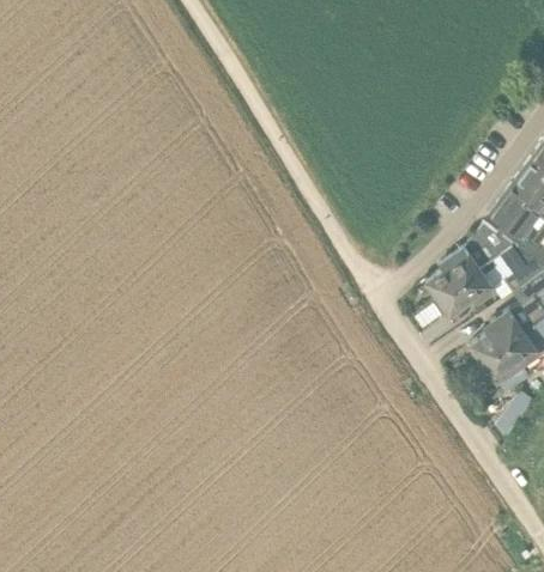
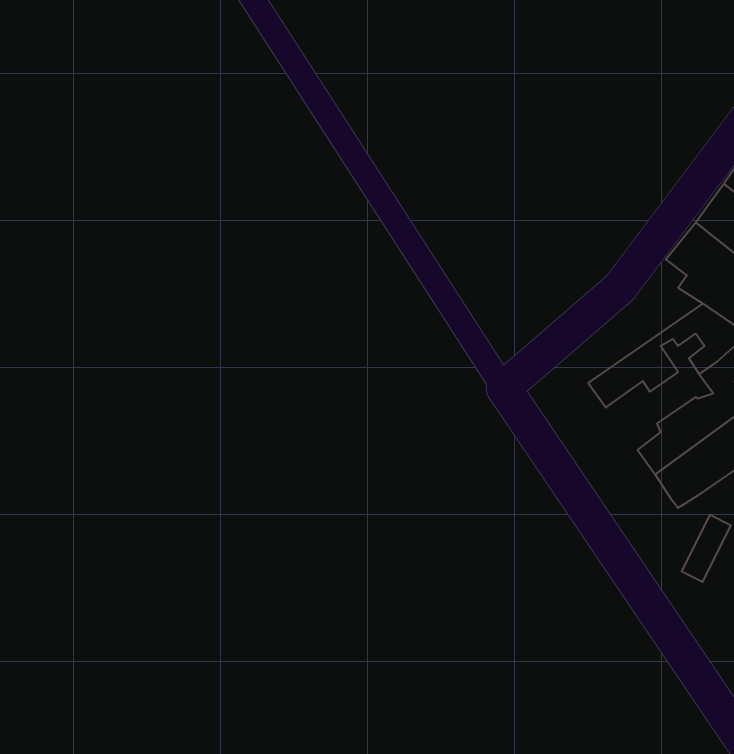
building: [425,221,515,297] -> none

